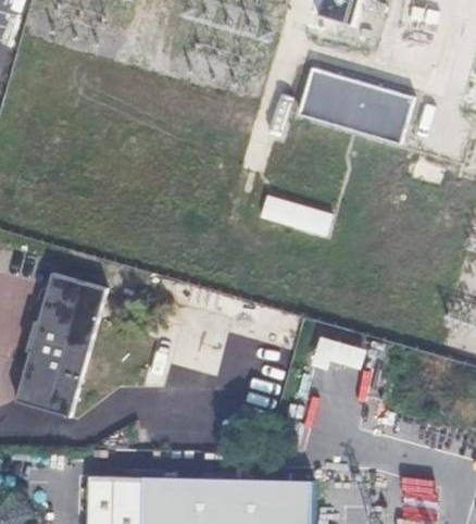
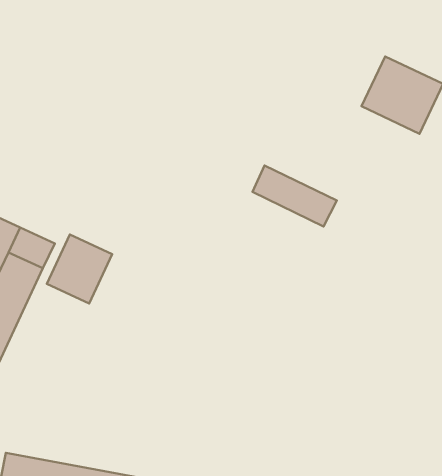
building: [297,68,358,129] -> none
building: none -> [47,235,112,304]

